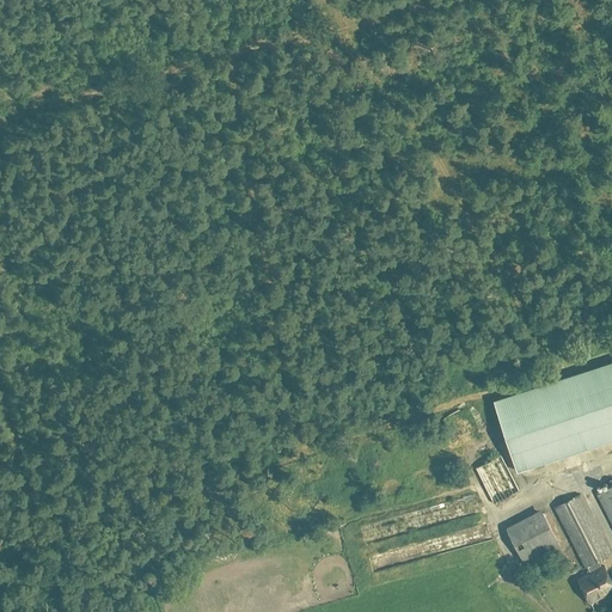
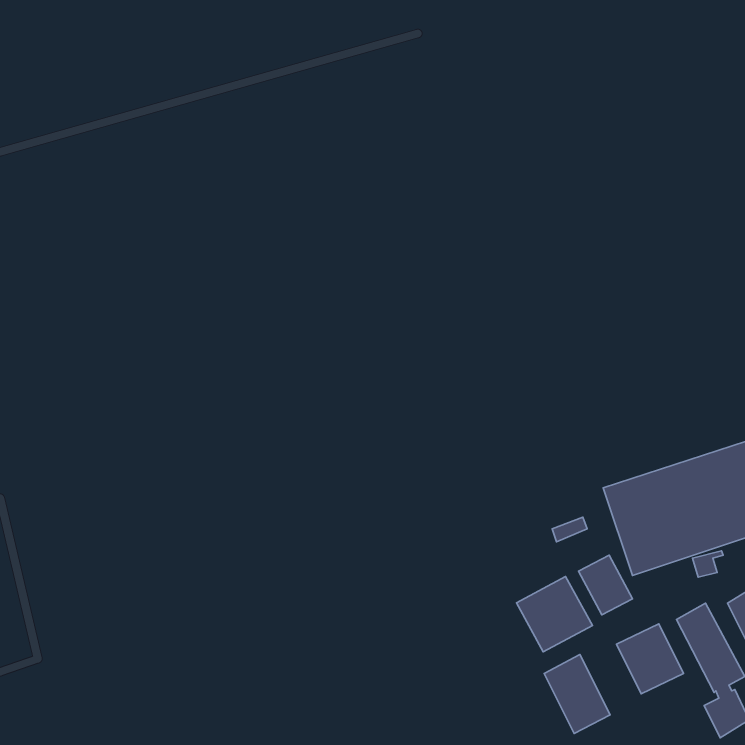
building: none -> [516,577,592,652]
building: none -> [544,655,610,734]

